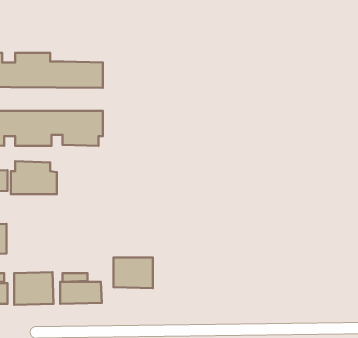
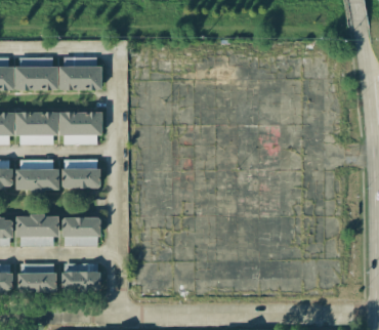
building: none -> [61,160,100,189]
building: none -> [15,215,58,246]
building: [113,258,153,288] -> [62,217,99,246]

